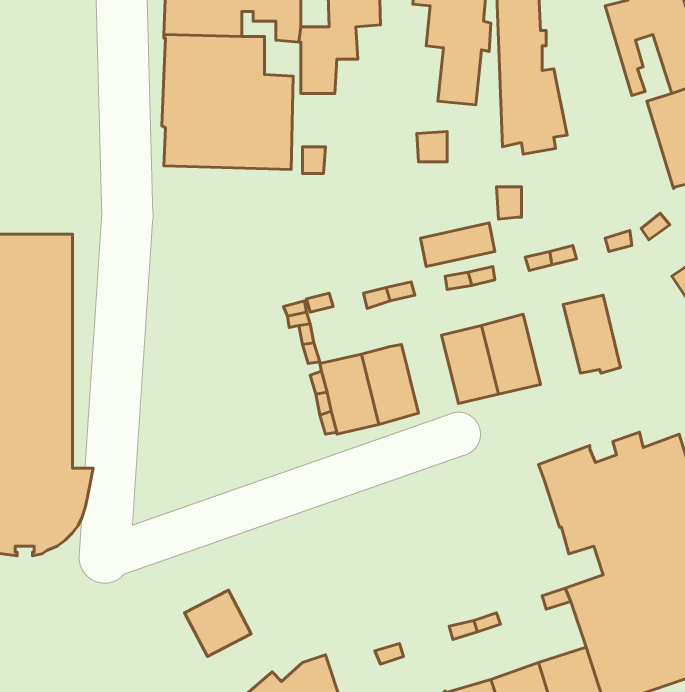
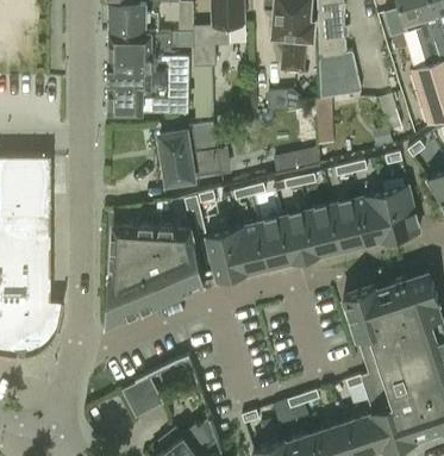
building: none -> [160,124,221,183]
building: none -> [383,187,419,238]
building: none -> [333,199,369,249]
building: none -> [257,218,293,267]
building: none -> [105,224,204,325]

